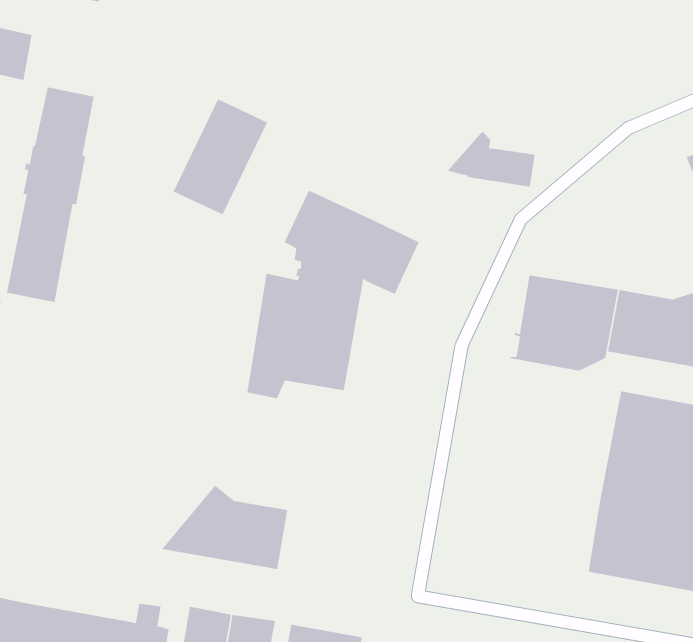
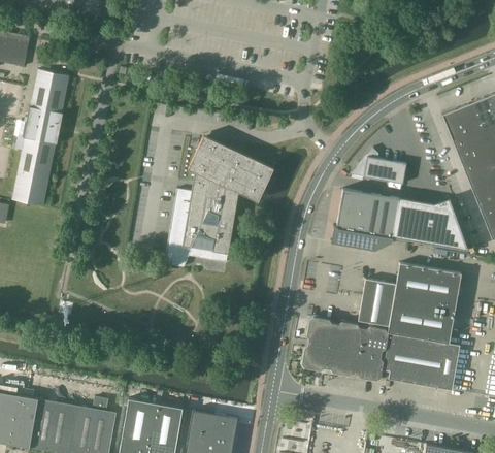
building: [173,99,268,215] -> none
building: [446,130,535,187] -> [350,148,406,184]
building: none -> [304,279,396,377]
building: [161,485,288,570] -> none

